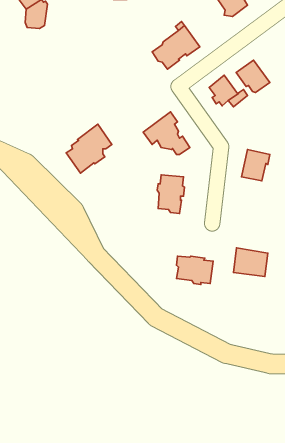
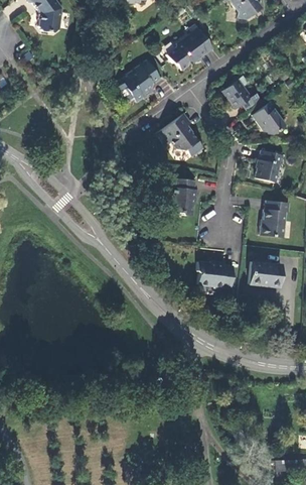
building: [236,60,270,93] -> [253,104,286,136]
building: [66,124,112,173] -> [116,60,161,109]
building: none -> [257,197,287,234]

